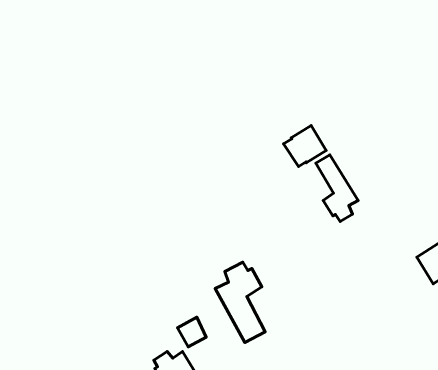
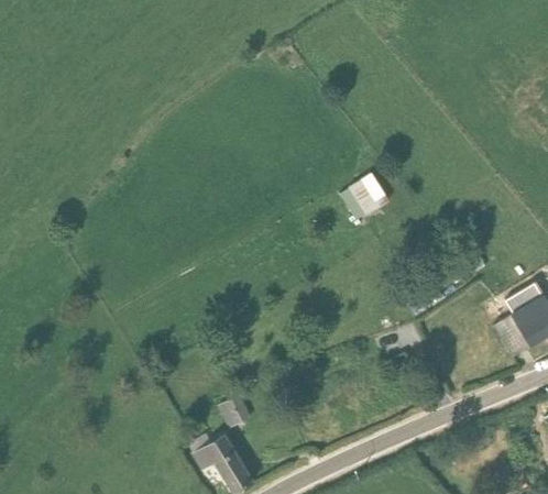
building: [316,155,358,221] -> none
building: [215,262,265,343] -> none

